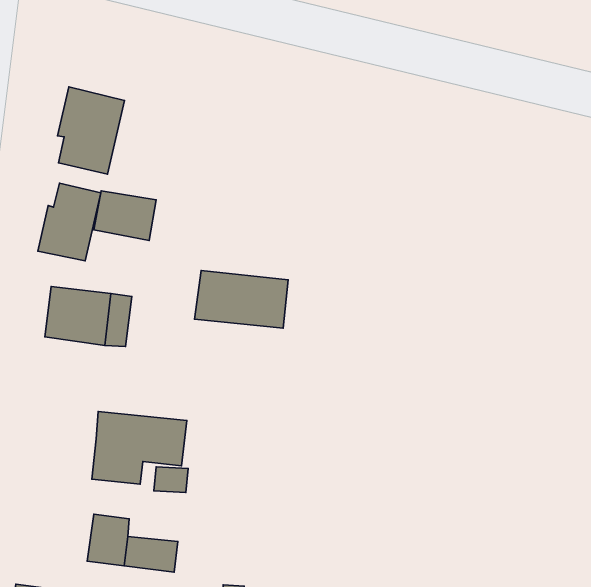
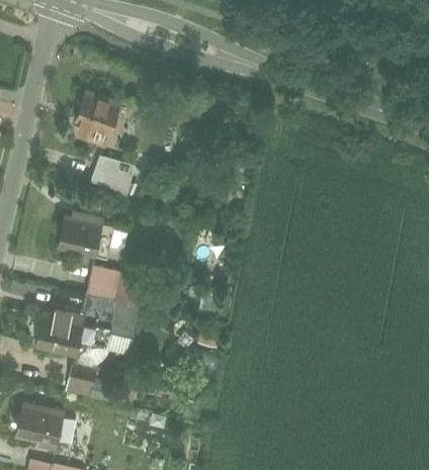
building: [38,183,101,261] -> none
building: [195,271,288,328] -> [84,267,146,308]
building: none -> [34,307,81,352]

